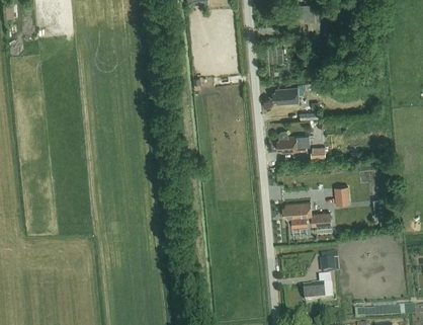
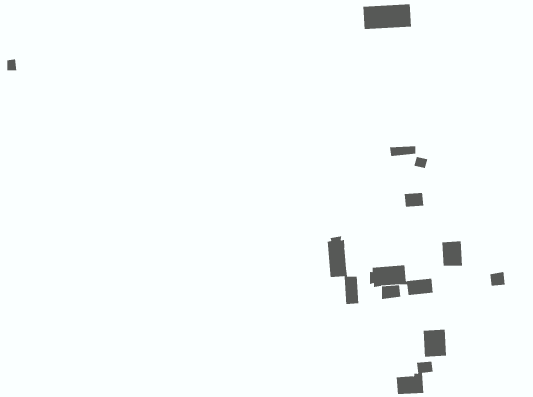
building: [271,83,321,104] -> none
building: [275,132,308,153] -> none
building: none -> [327,235,359,305]

